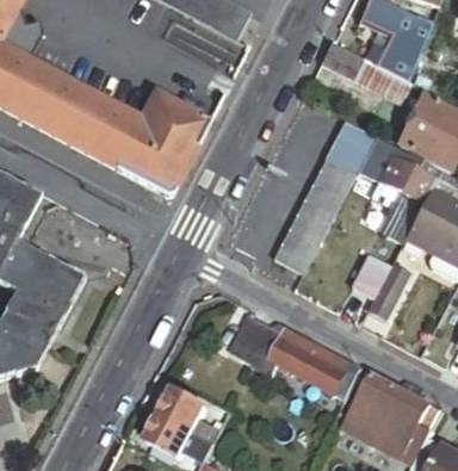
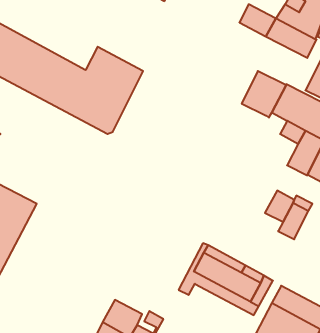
building: [272,155,353,269] -> none
building: [222,311,279,376] -> none

